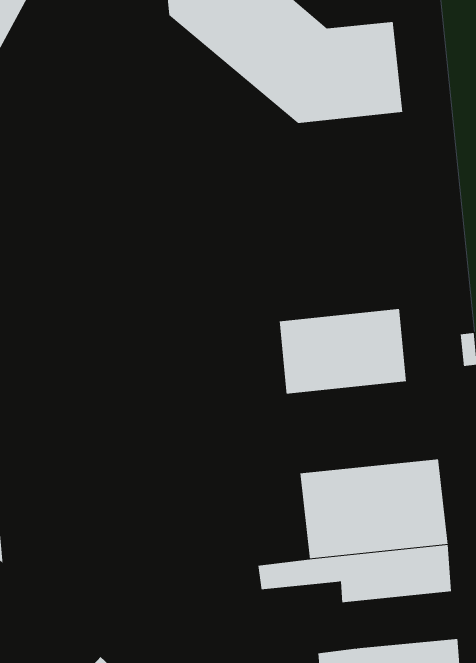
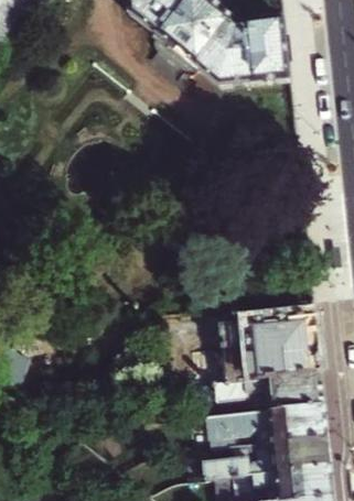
building: [279,308,407,394] -> none
building: none -> [186,403,325,442]

